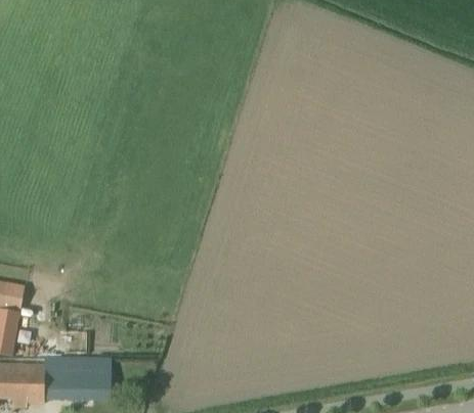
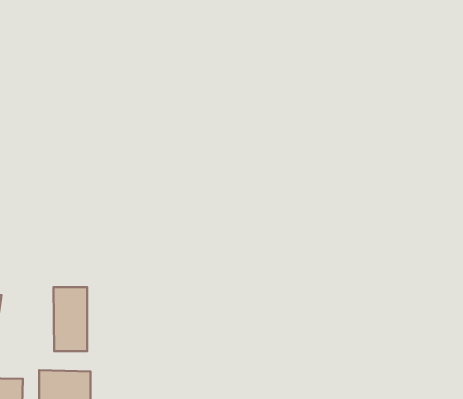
building: none -> [53,287,87,351]

